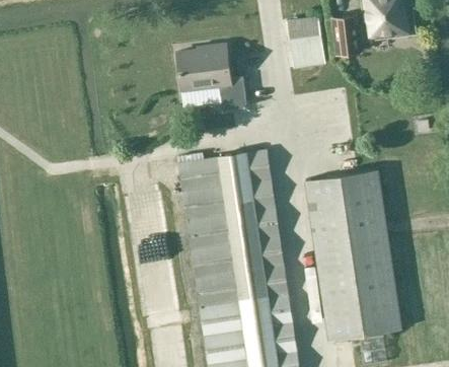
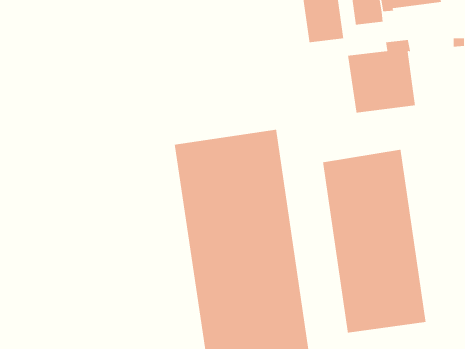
building: [177,46,246,111] -> none
building: none -> [347,39,416,114]

